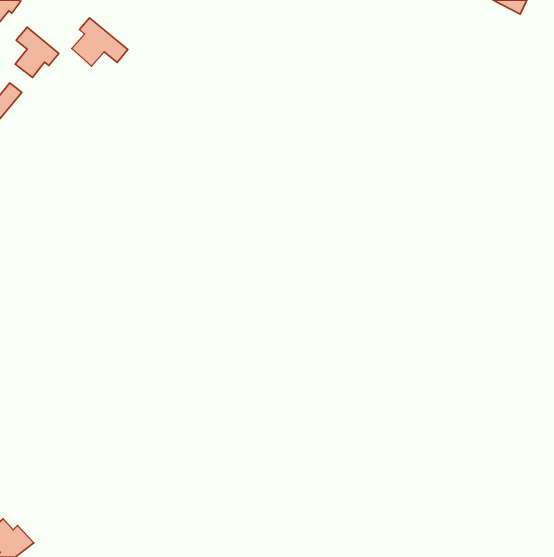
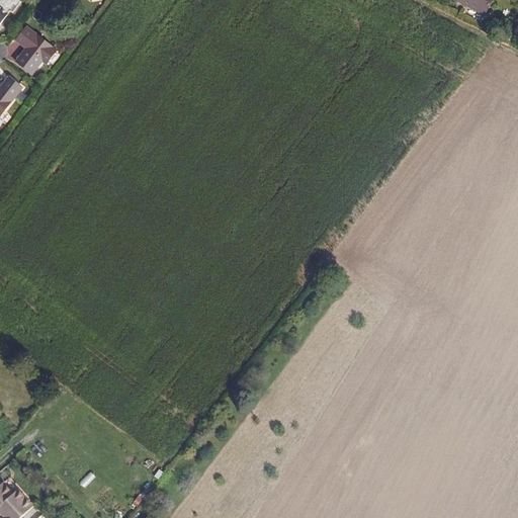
building: [72,18,128,66] -> none

